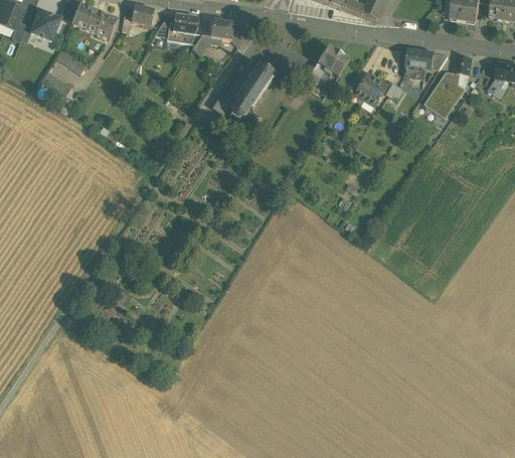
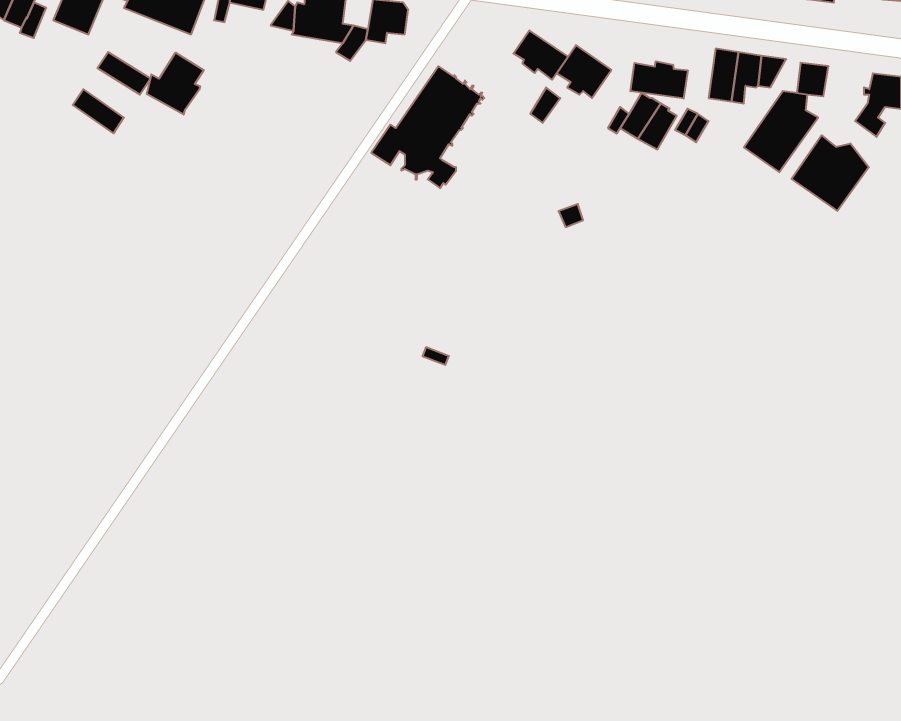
building: none -> [513,30,568,80]
building: none -> [147,53,204,115]
building: none -> [630,61,688,99]
building: none -> [792,135,869,211]

